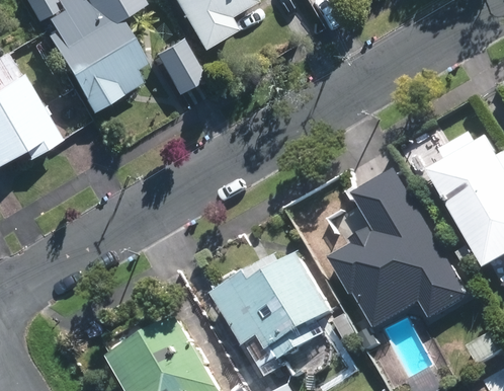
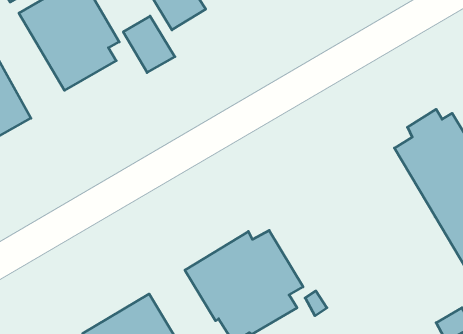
building: [331,186,470,348] -> none

